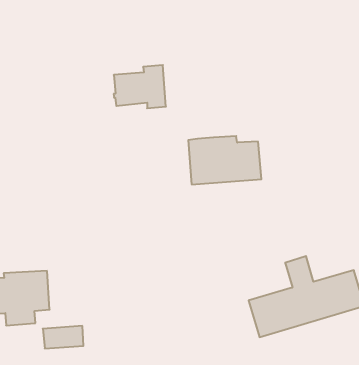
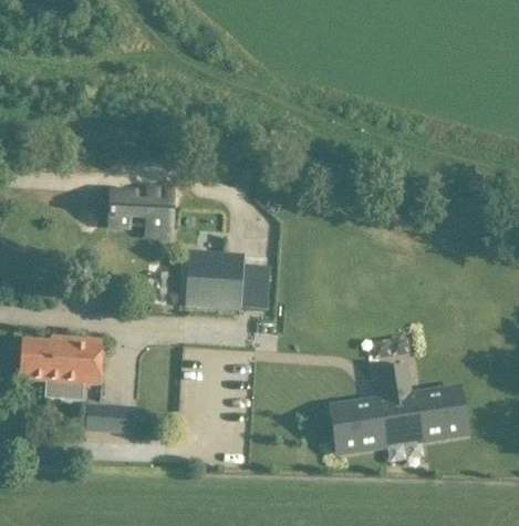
building: [114,65,166,108] -> [110,186,172,236]
building: [188,136,261,184] -> [185,252,269,310]

